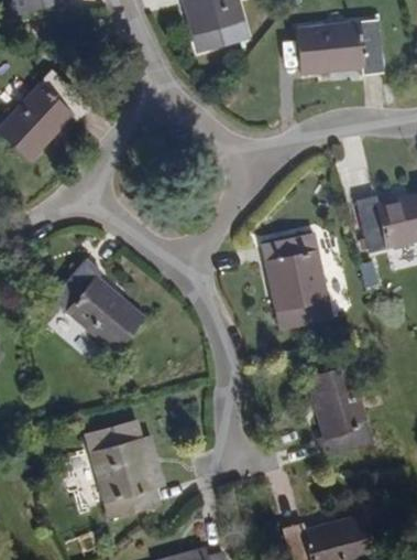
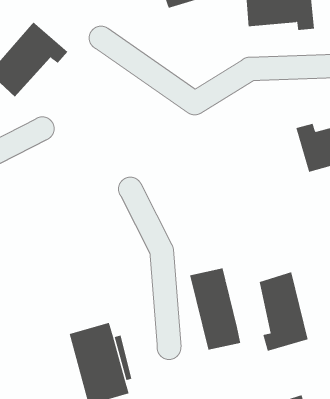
building: [267,233,334,332] -> none
building: [52,266,142,359] -> none
building: none -> [190,267,241,350]

